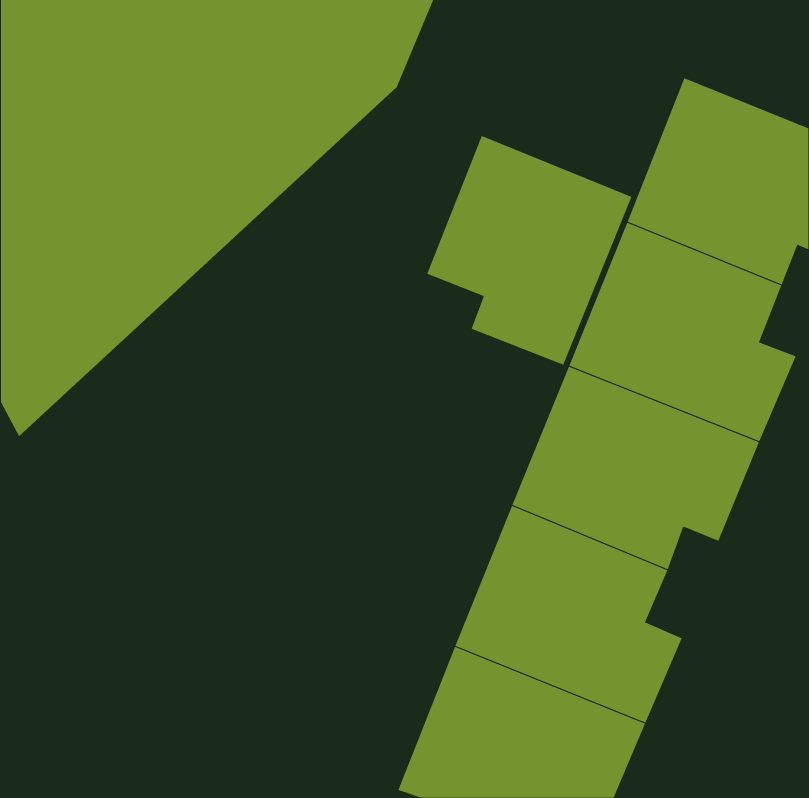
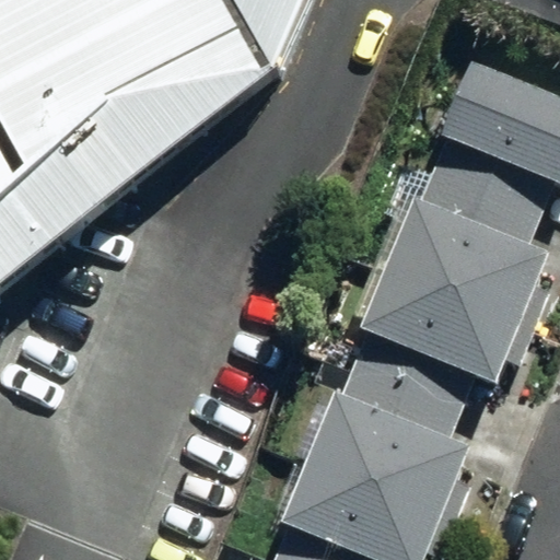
building: [426,135,632,365] -> none

